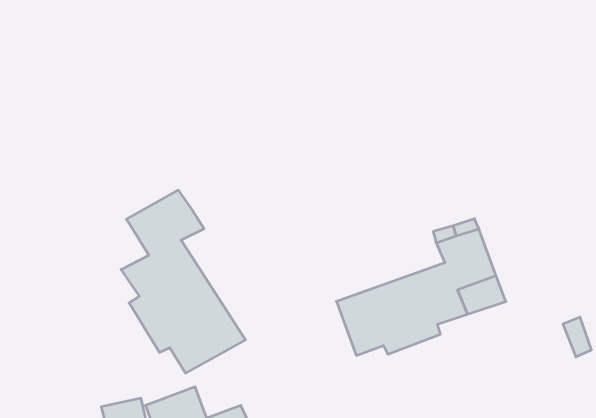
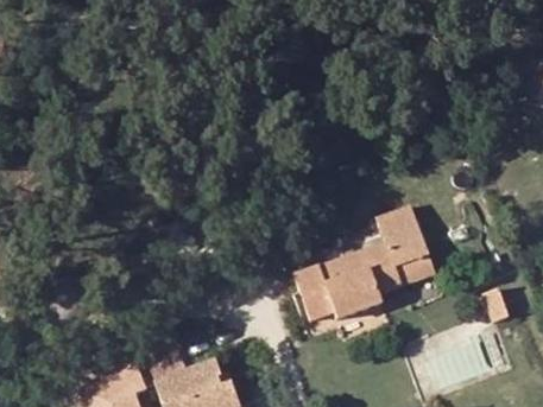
building: [121,190,245,373] -> none

